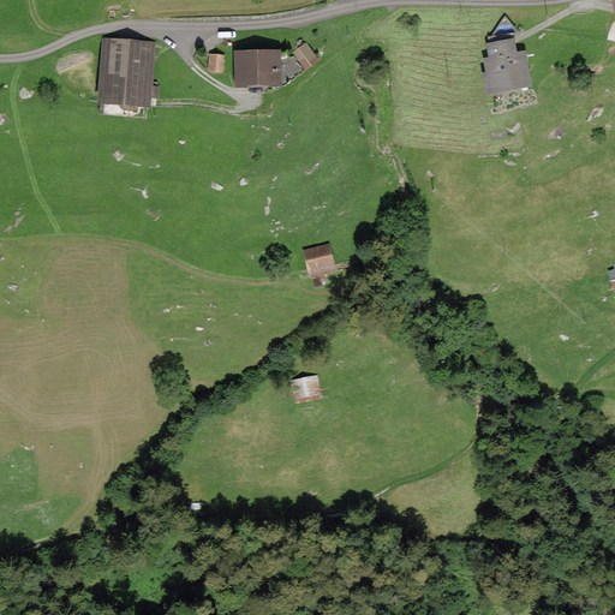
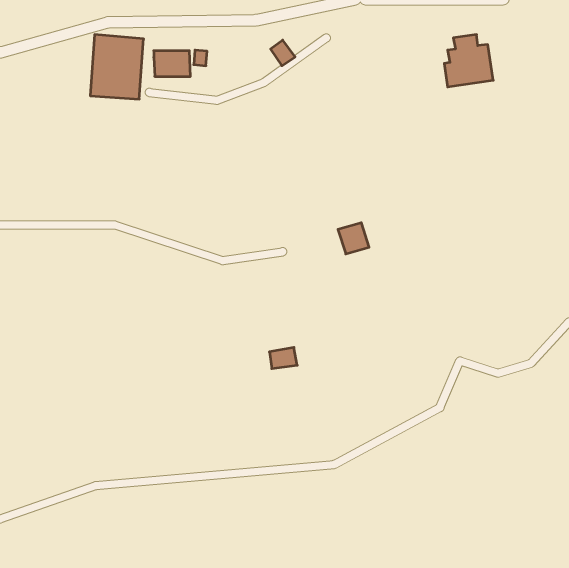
building: [238,54,277,82] -> [154,51,190,76]
building: [303,243,336,276] -> [338,223,369,254]

